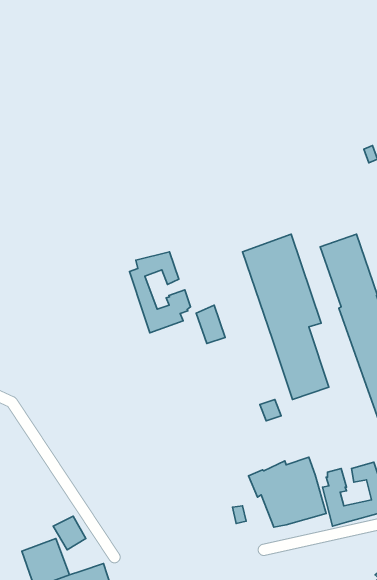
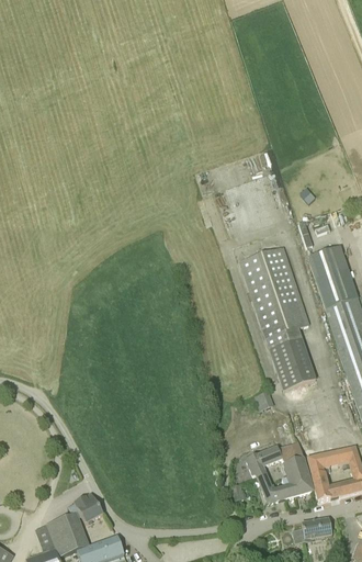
building: [129,252,191,333] -> none
building: [196,305,225,343] -> none
building: none -> [292,517,331,543]

